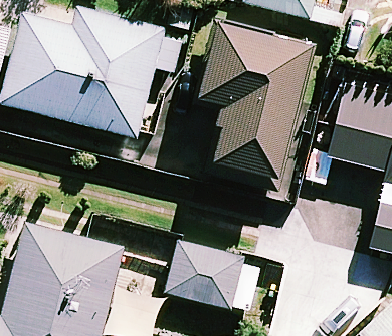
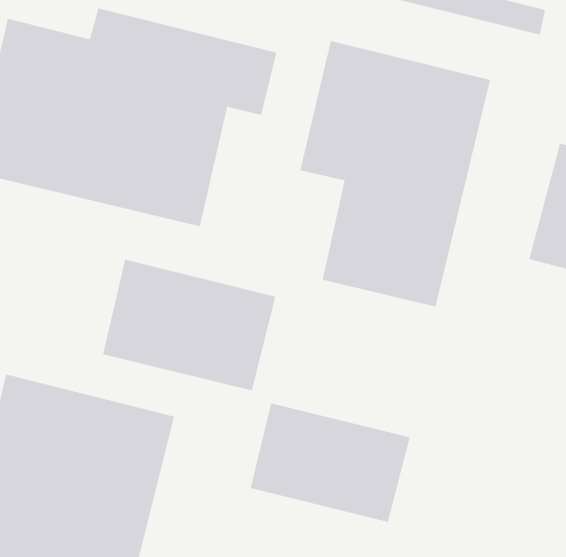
building: none -> [103,259,276,391]

